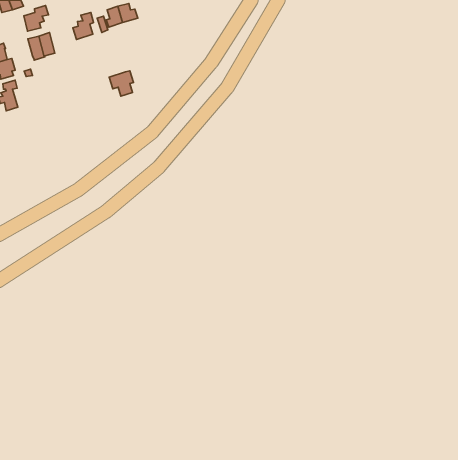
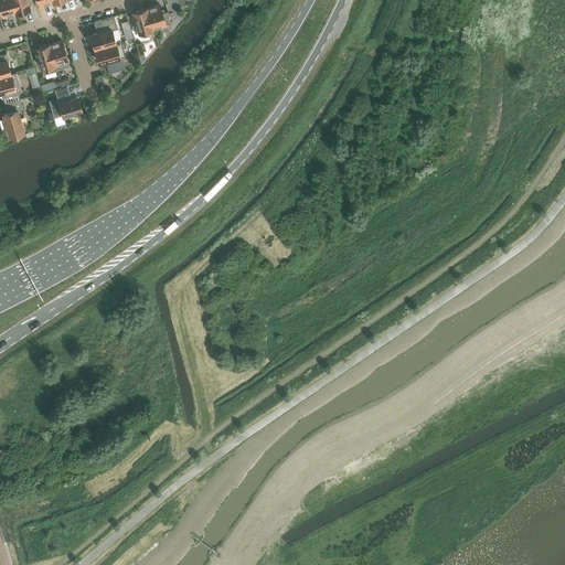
building: [24,6,48,31] -> none
building: none -> [47,85,81,116]
building: [109,71,134,96] -> [94,41,124,72]

